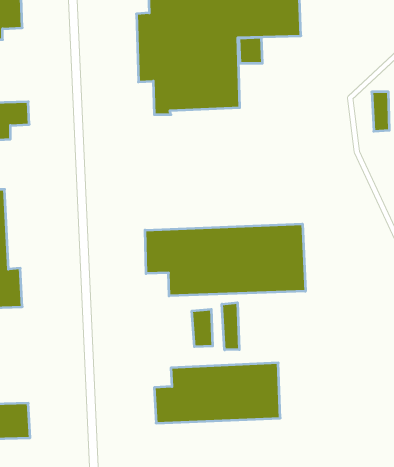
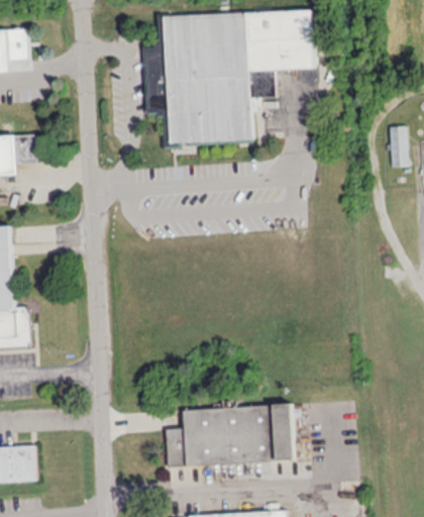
building: [145,224,305,296] -> none
building: [222,303,239,350] -> none
building: [192,309,213,347] -> none

